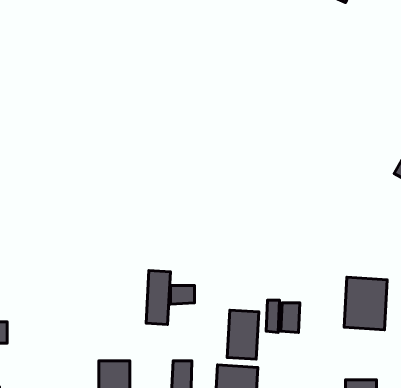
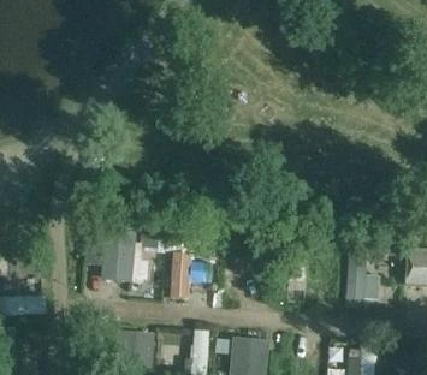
building: none -> [113,237,148,282]
building: [227,310,259,359] -> none

